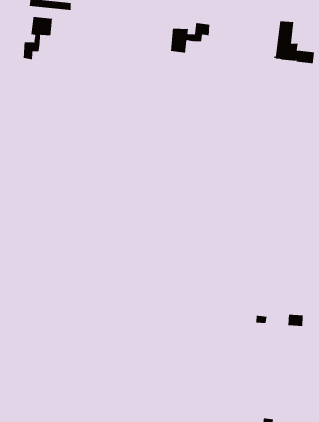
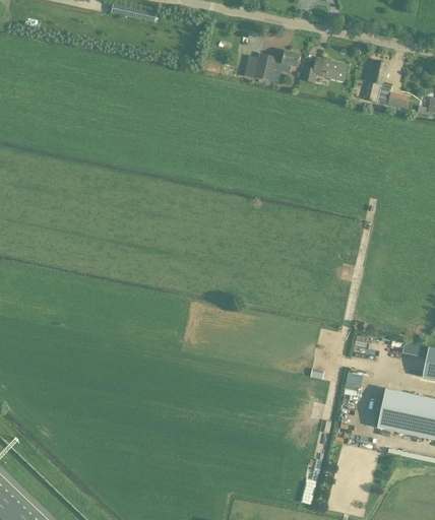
building: [23,16,52,60] -> none
building: none -> [303,57,348,81]

